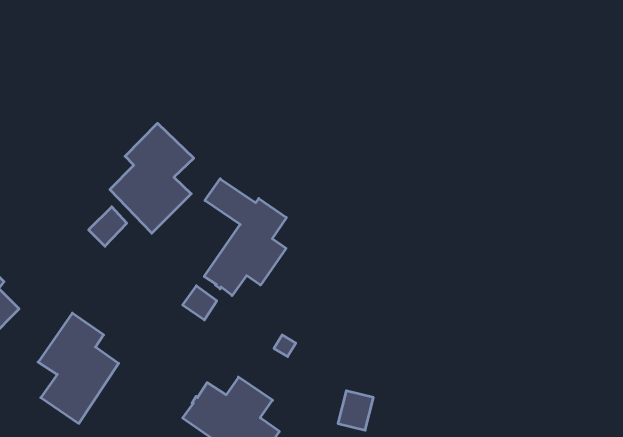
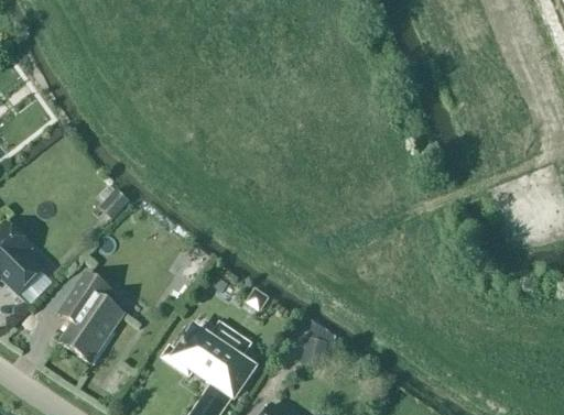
building: [110,123,194,233] -> none
building: [204,179,286,296] -> none

